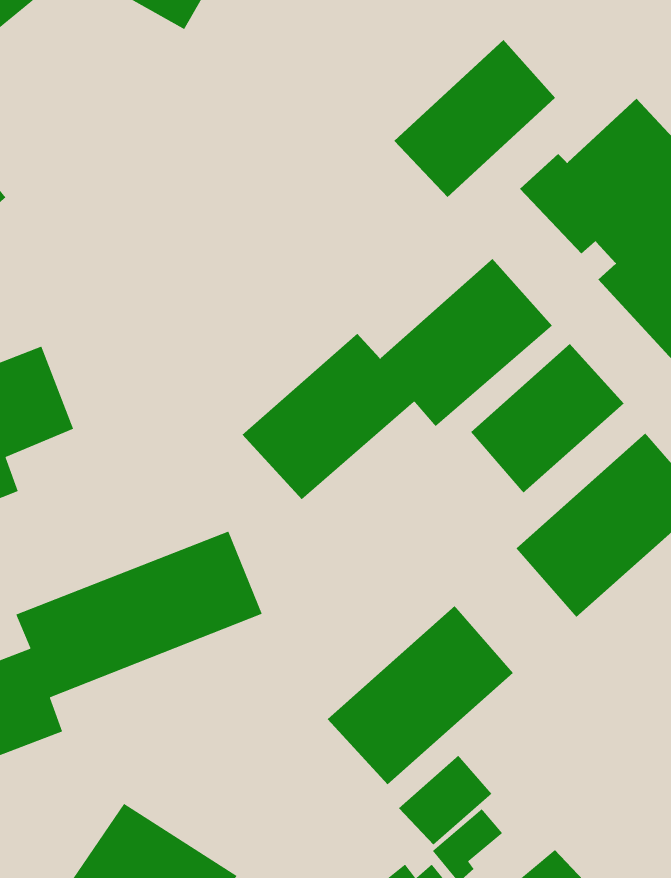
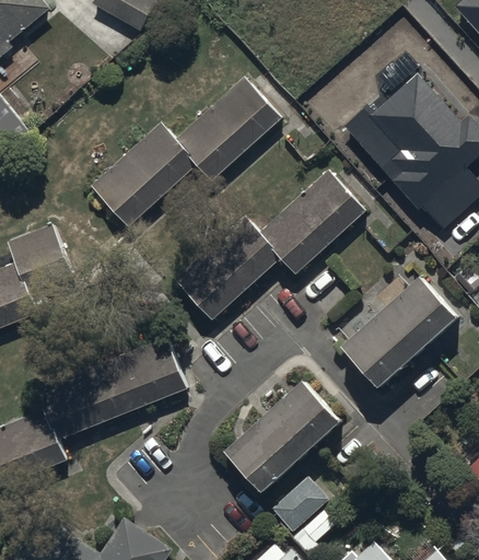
building: [393,39,556,198] -> none
building: none -> [90,81,277,225]
building: [470,343,624,494] -> none

